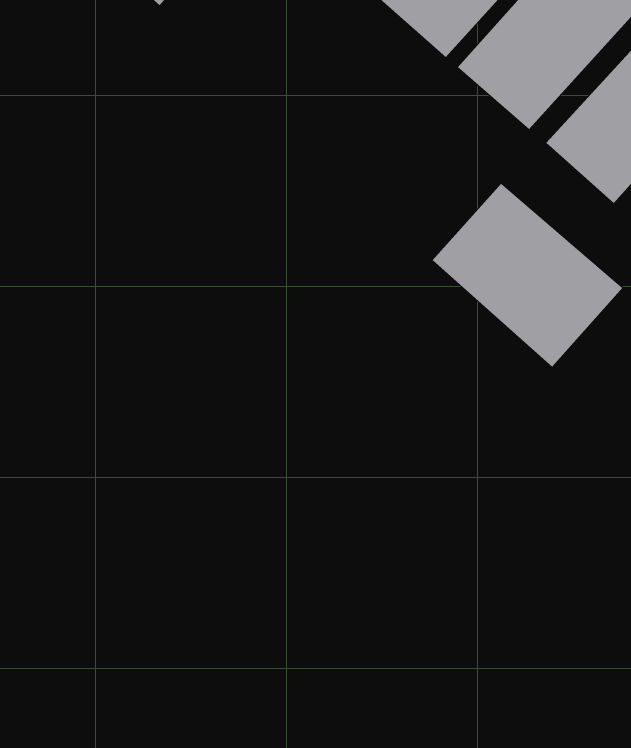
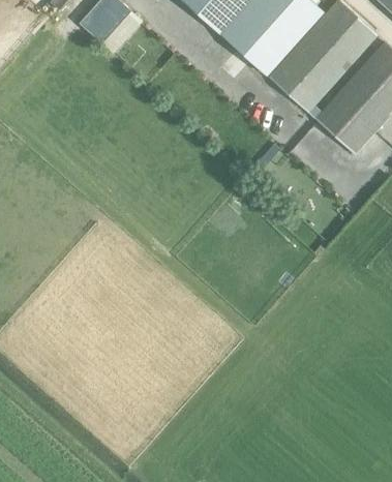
building: [432,183,623,368] -> none

